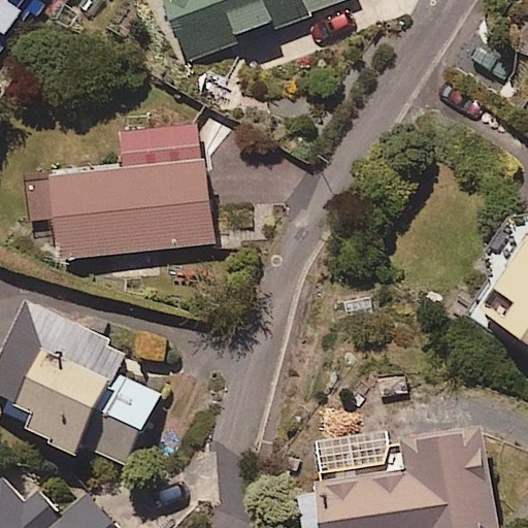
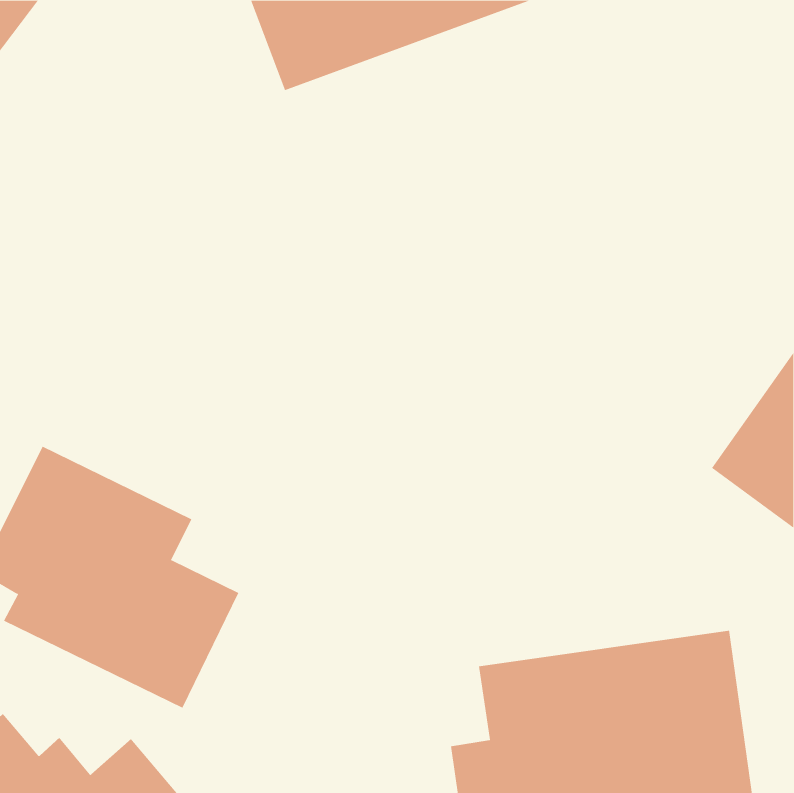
building: [35,122,214,261] -> none

